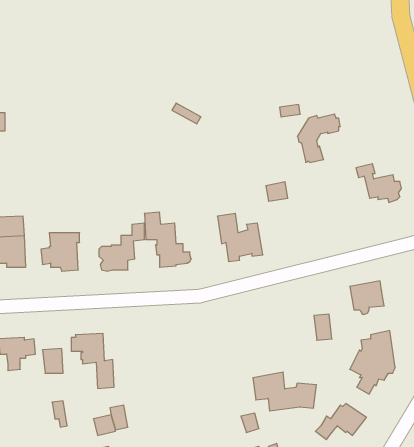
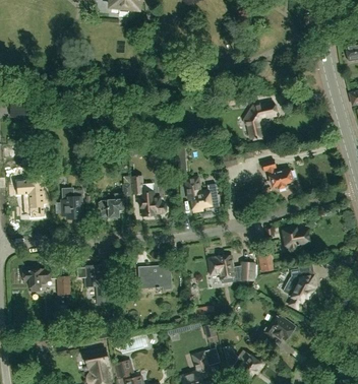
building: [356,164,401,202] -> [261,162,295,190]
building: none -> [138,265,172,291]
building: [253,372,316,411] -> [208,255,255,283]

